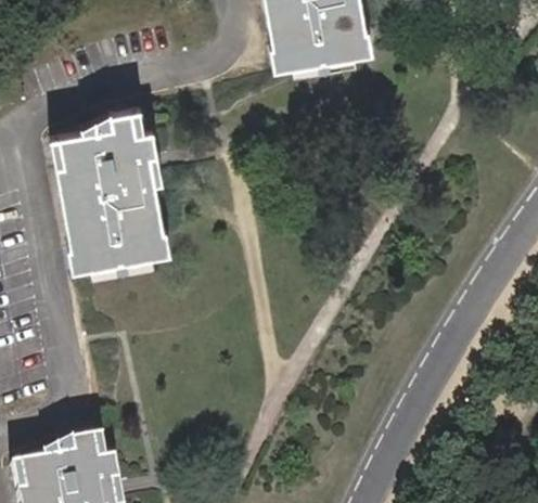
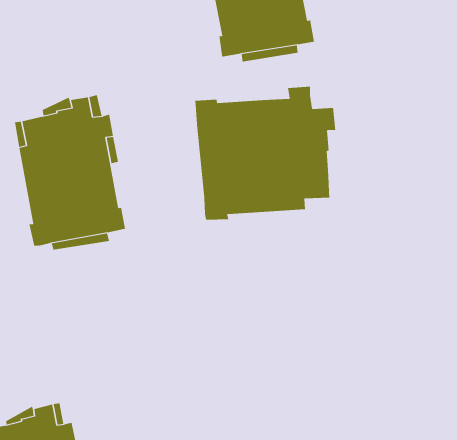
building: none -> [195,86,336,220]

